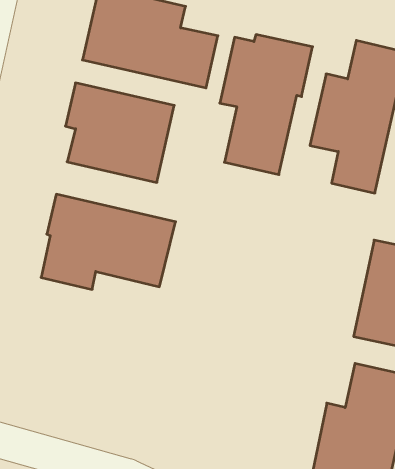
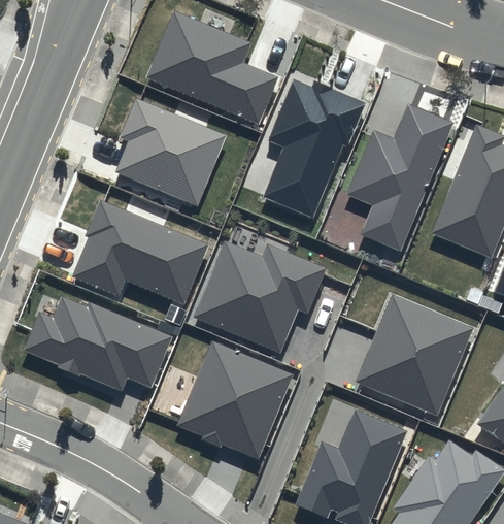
building: none -> [194,241,327,353]
building: none -> [24,296,172,392]
building: none -> [177,341,293,459]

